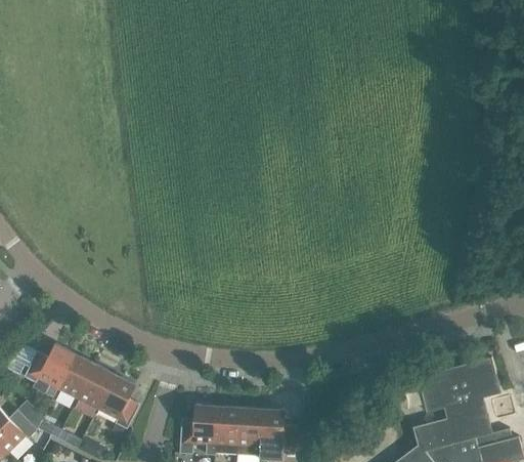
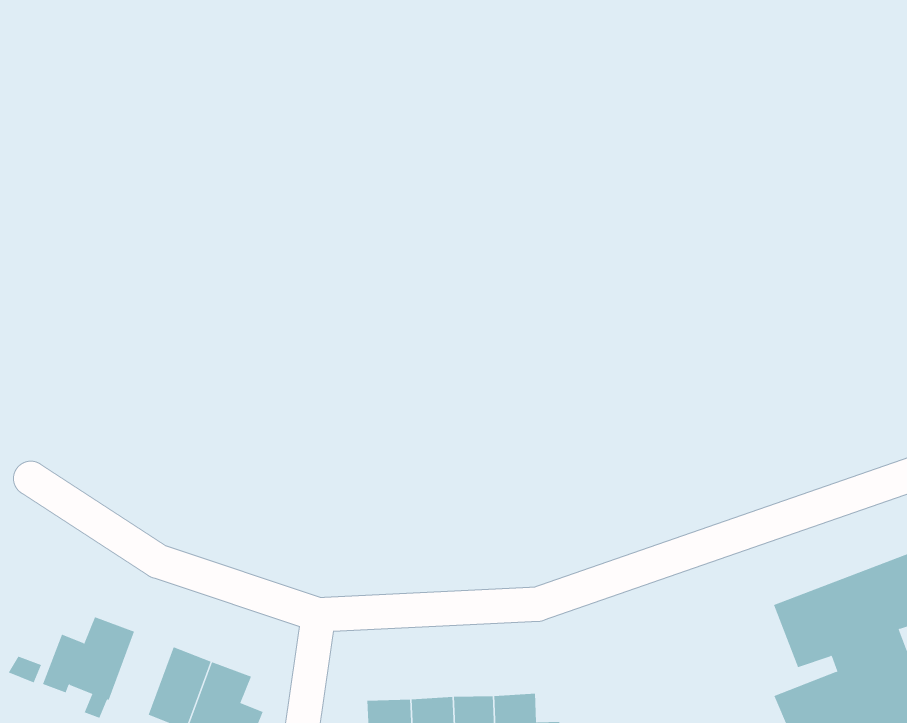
building: [59,353,96,398] -> none

